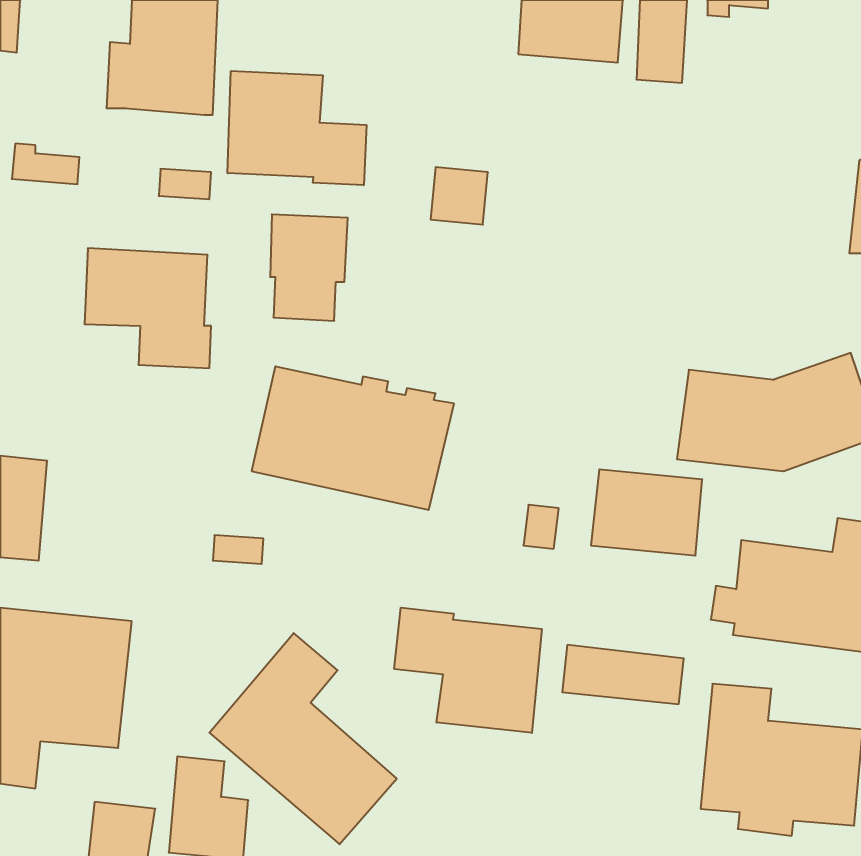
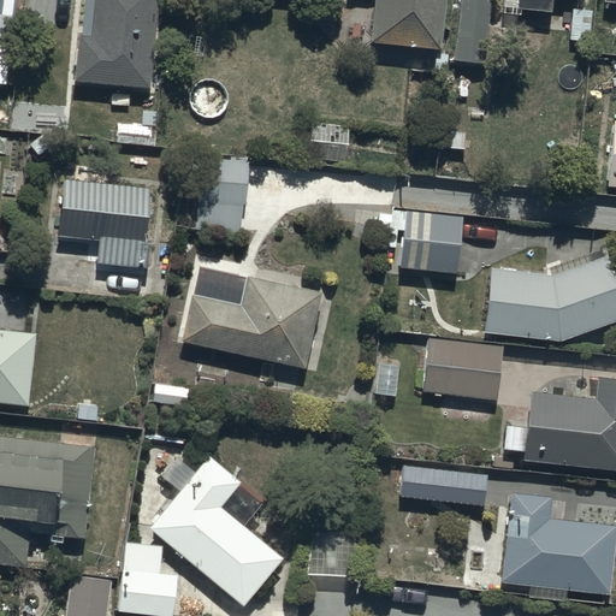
building: [228,71,366,185] -> none
building: none -> [387,212,462,276]
building: [394,608,542,733] -> none

